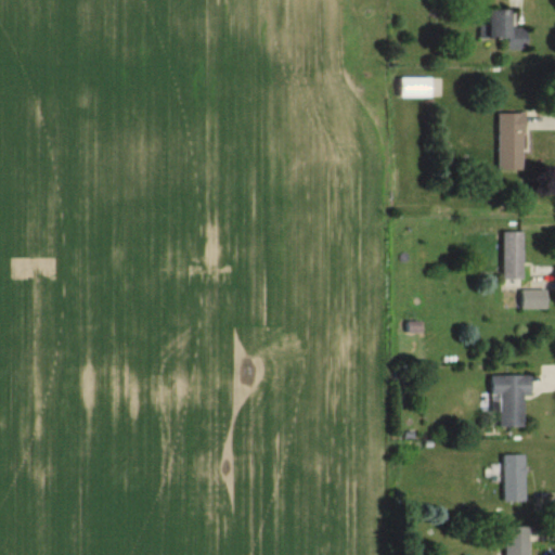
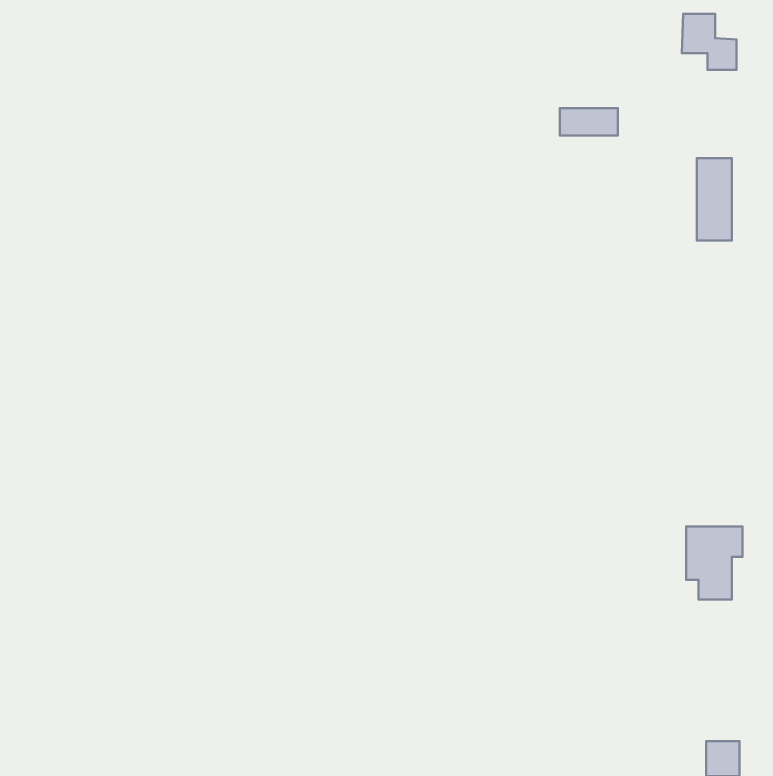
building: [504,232,525,286] -> none
building: [525,291,548,309] -> none
building: [504,455,527,503] -> none

